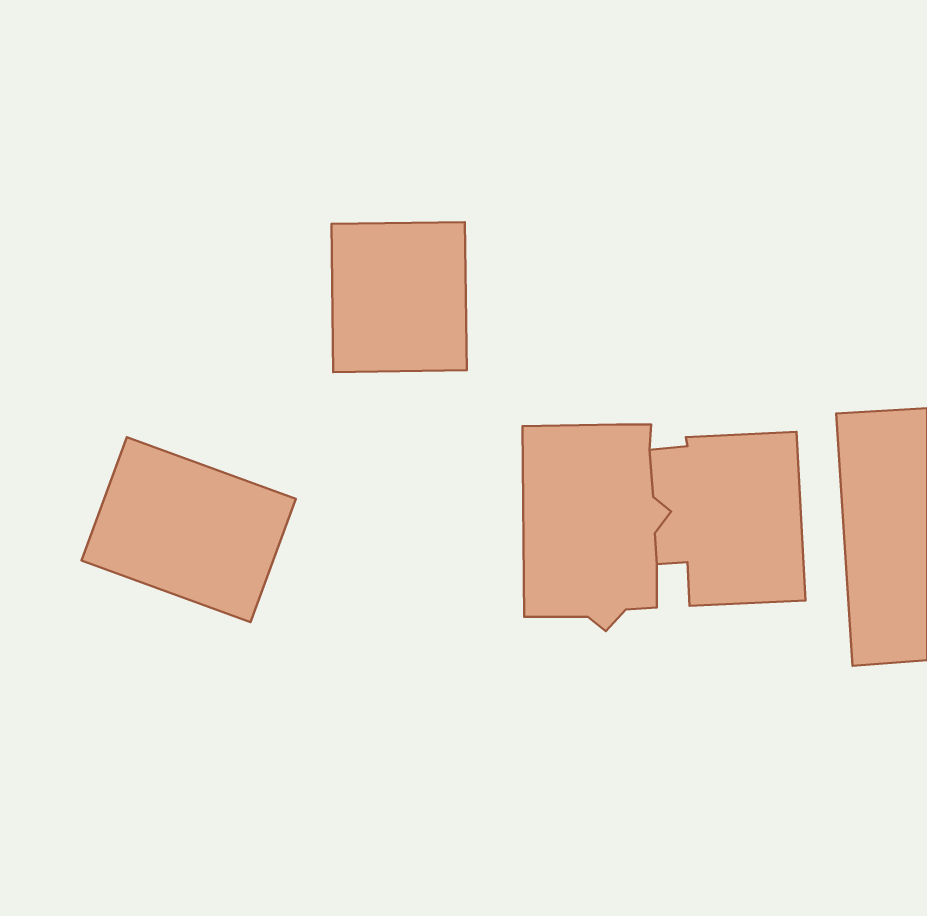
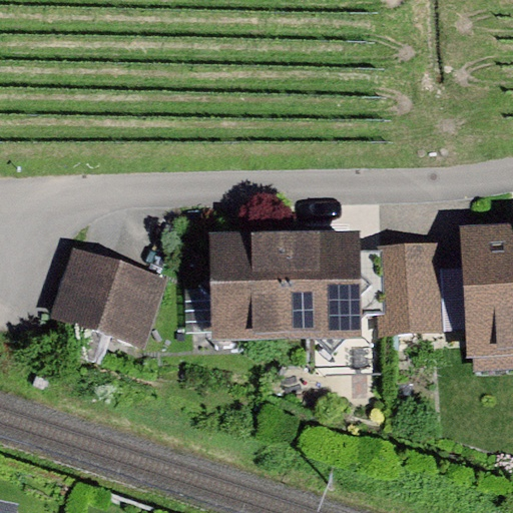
building: [331,222,467,372] -> none
building: none -> [201,235,290,342]

